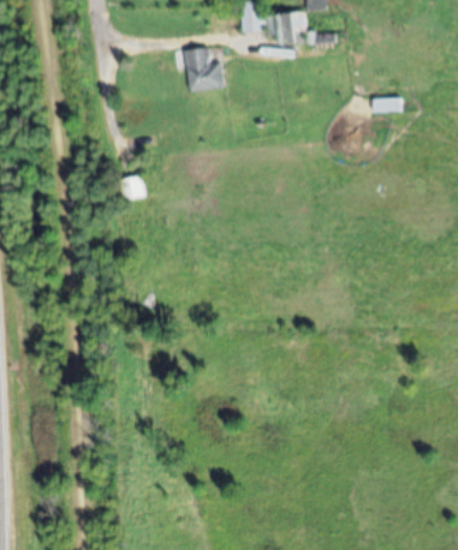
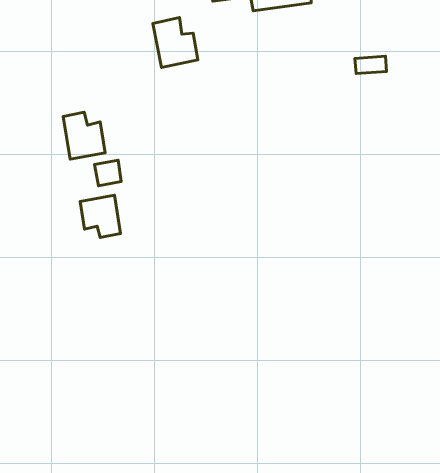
building: none -> [63,112,105,159]
building: none -> [80,195,121,238]

